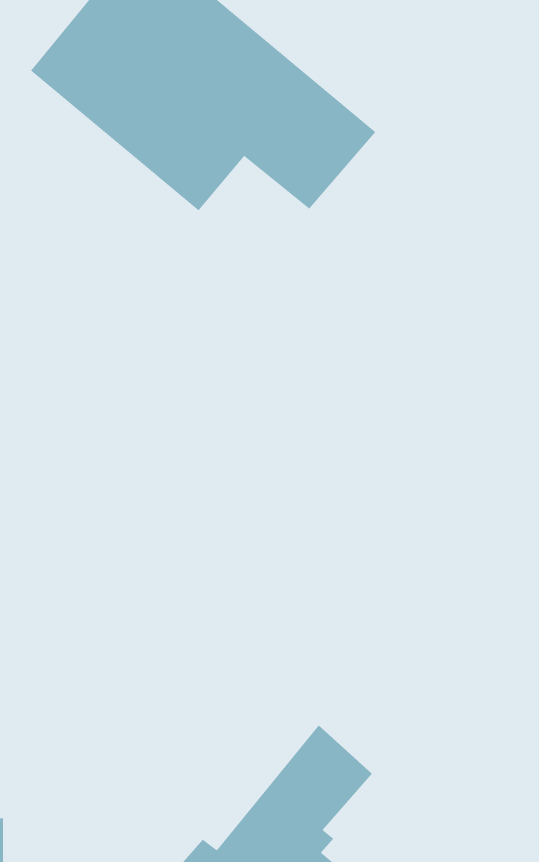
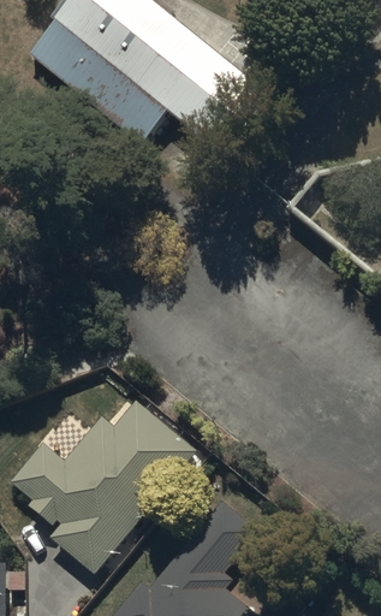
building: none -> [8,396,196,575]

